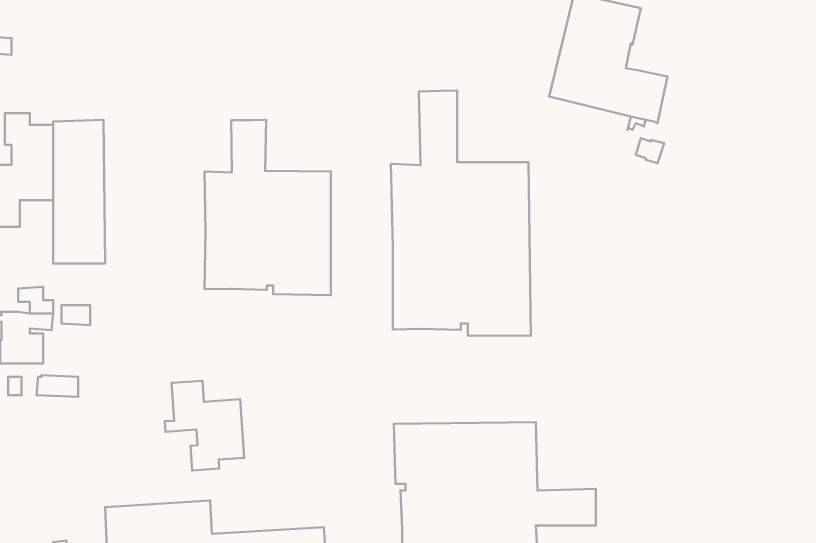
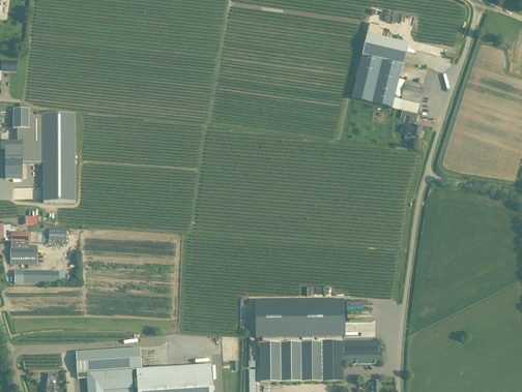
building: [391,90,531,336] -> none
building: [205,120,331,295] -> none
building: [165,381,244,470] -> none

